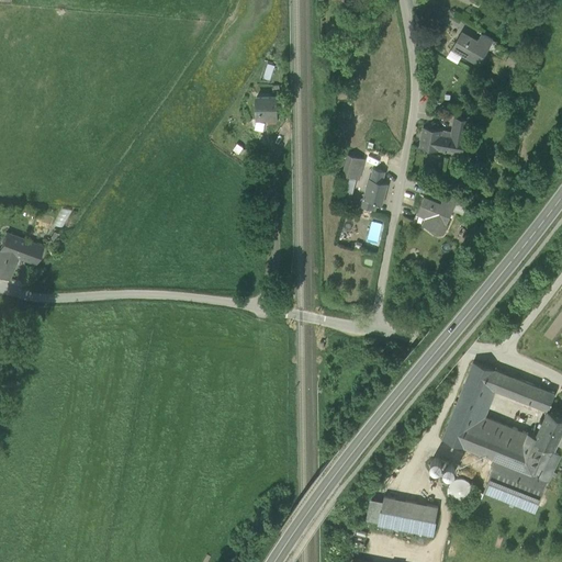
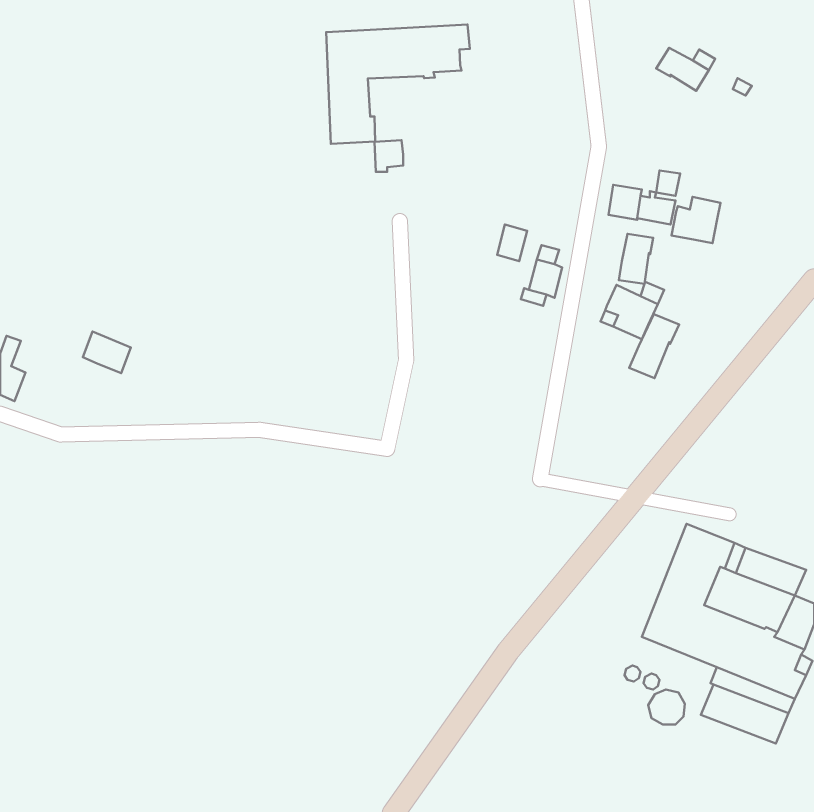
building: none -> [326,25,470,144]
building: none -> [672,197,720,243]
building: none -> [619,234,653,284]
building: none -> [629,314,679,378]
building: [8,236,41,265] -> [83,332,131,373]
building: [379,497,438,535] -> none

